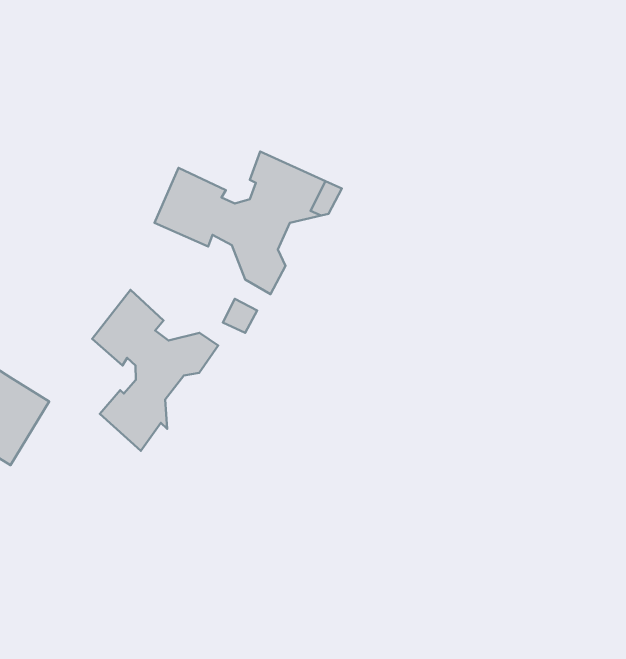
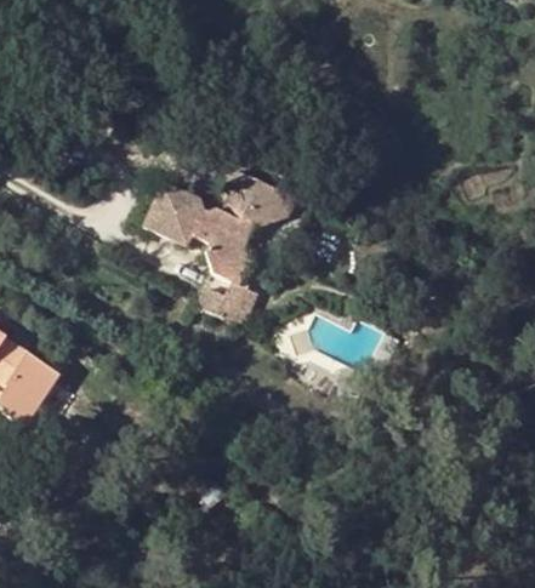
building: [92,290,218,451] -> none

